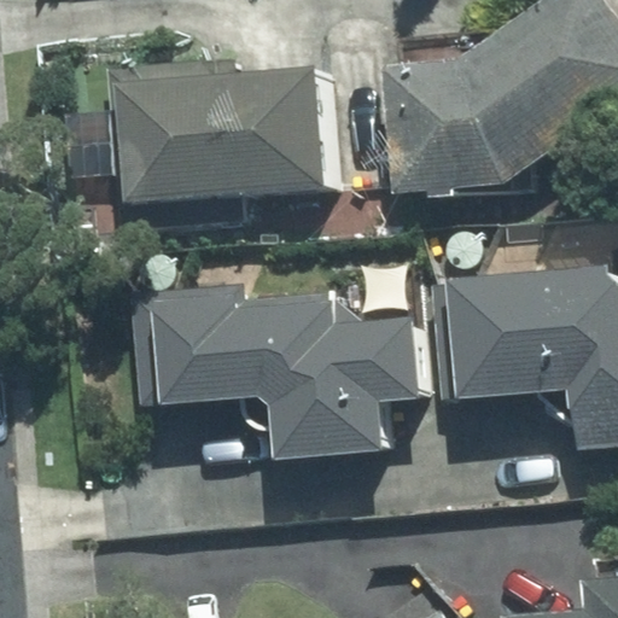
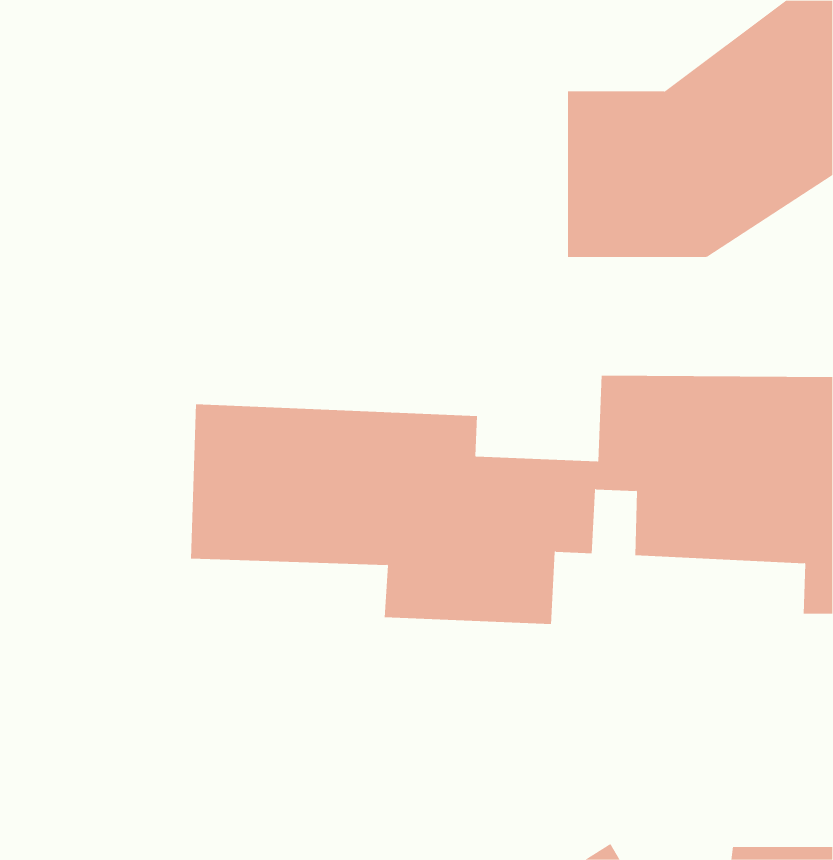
building: [124,64,330,203] -> none

